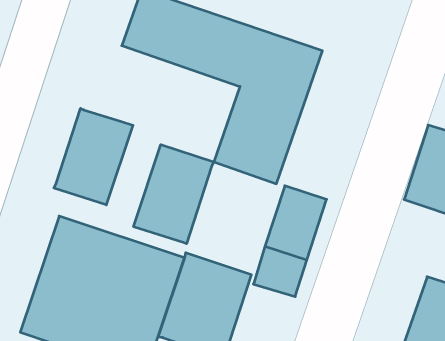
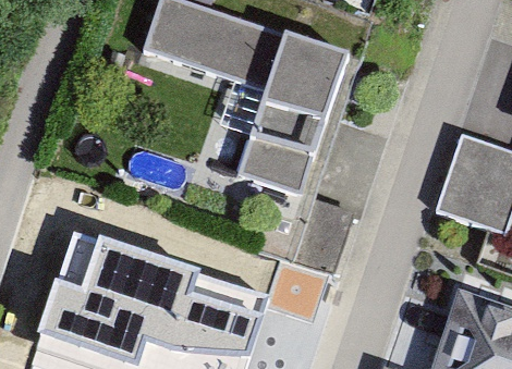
building: [54,108,133,205] -> none
building: [134,145,214,244] -> none

